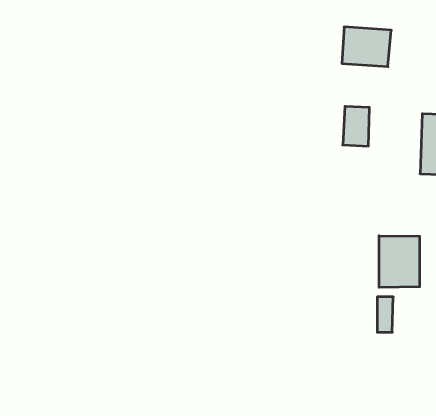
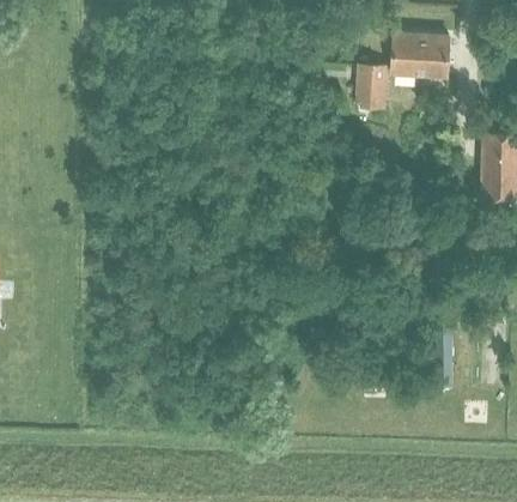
building: [343,106,369,146] -> [357,66,387,110]
building: [379,236,420,287] -> none

